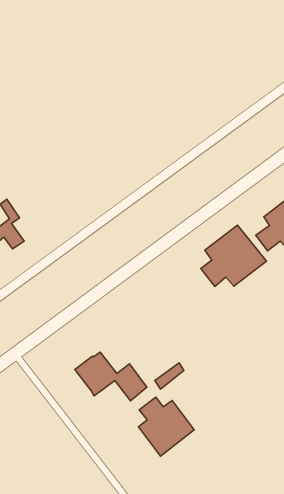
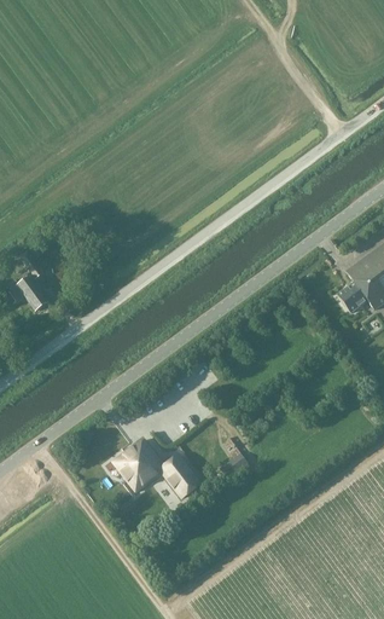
building: [201,225,267,286] -> none
building: [139,397,194,456] -> none

